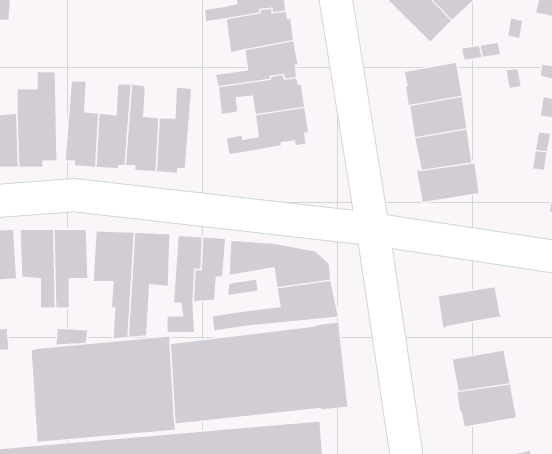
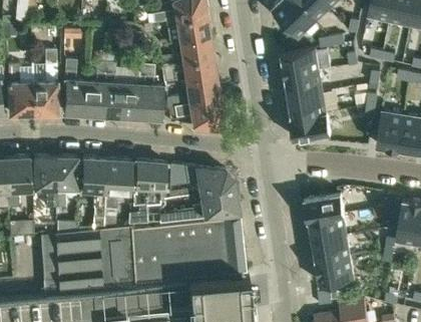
building: none -> [140,66,162,122]
building: none -> [174,100,225,129]
building: none -> [310,215,347,242]

